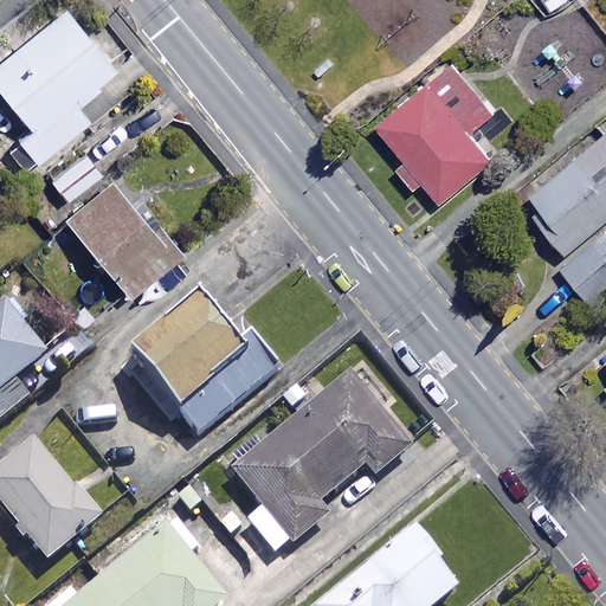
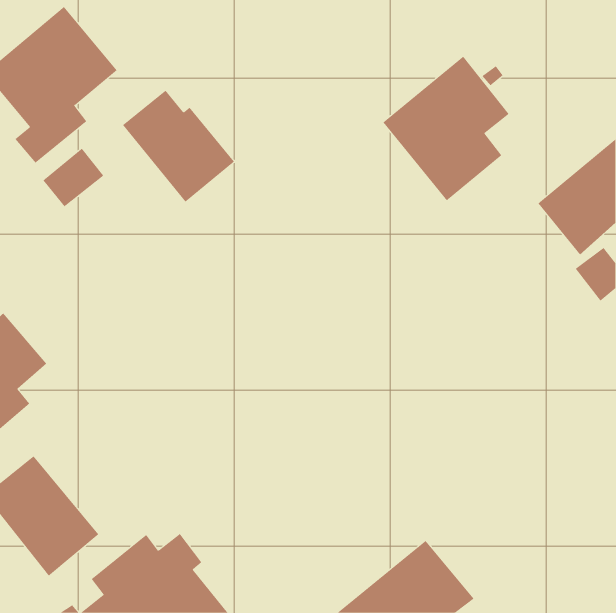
building: [65,180,175,290] -> [122,90,235,203]
building: [131,297,279,440] -> none
building: [233,378,411,560] -> none

